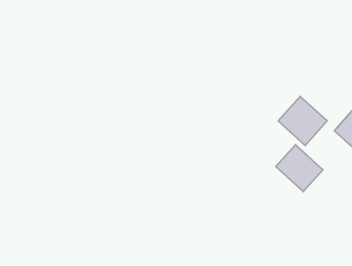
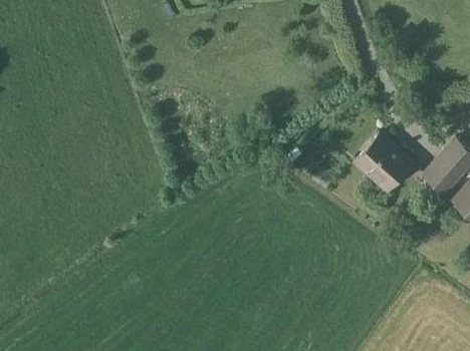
building: [276,145,323,192] -> none

